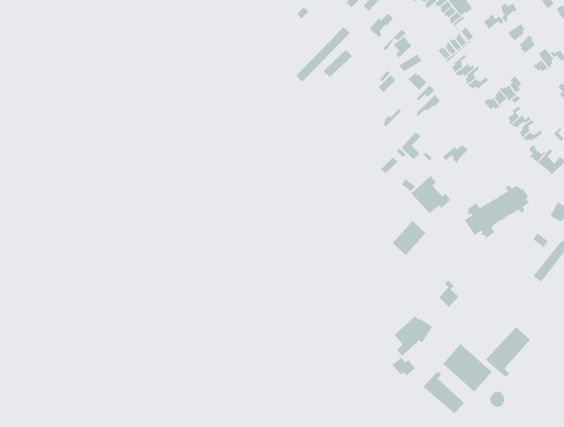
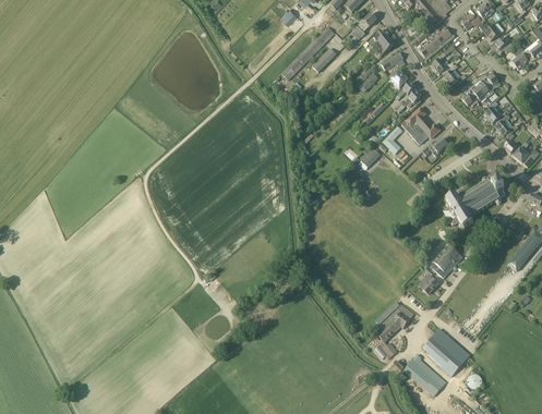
building: [410,175,452,214] -> [401,107,441,144]
building: [392,220,426,256] -> [430,244,462,278]
building: [485,327,531,378] -> none

